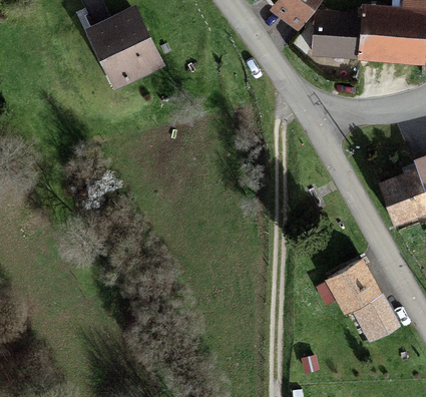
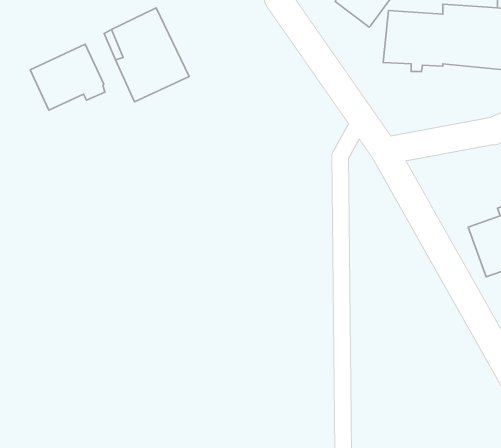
building: none -> [30,44,105,110]
building: [327,260,397,340] -> none

